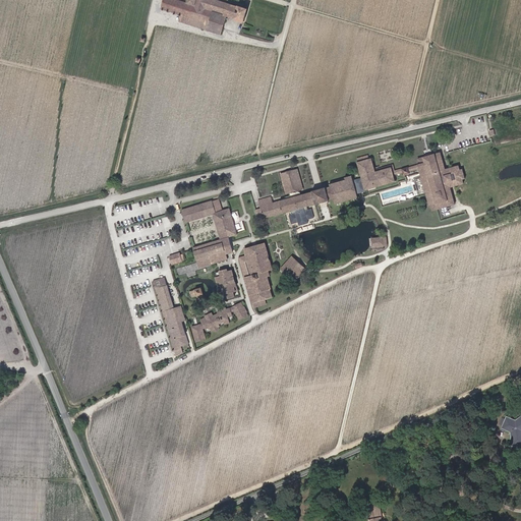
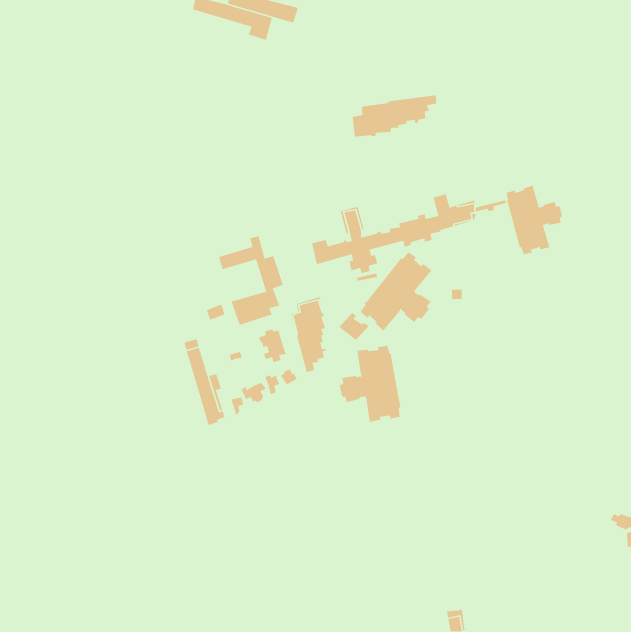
building: none -> [352,95,437,137]
building: none -> [360,251,433,331]
building: none -> [339,345,401,423]

